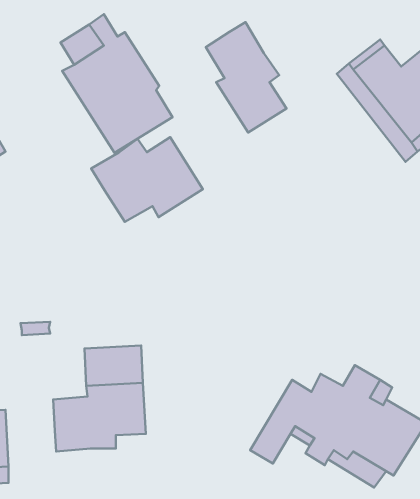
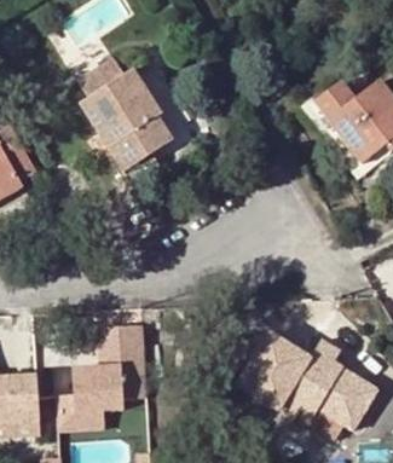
building: [206,22,286,133] -> none
building: [91,137,203,222] -> none
building: none -> [56,394,106,432]

